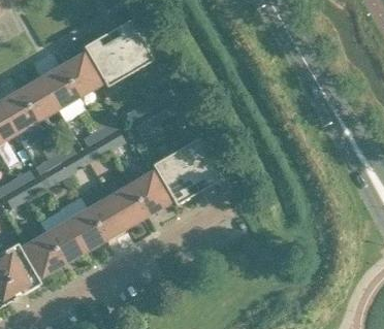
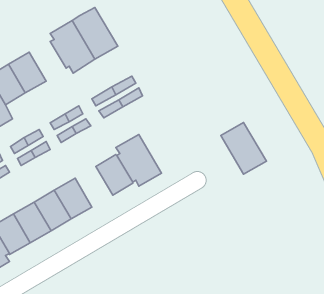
building: [64,52,102,94] -> none
building: [178,136,225,190] -> [221,123,266,174]
building: [111,183,151,225] -> none

